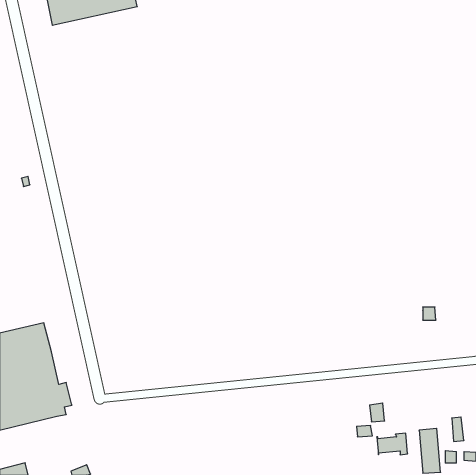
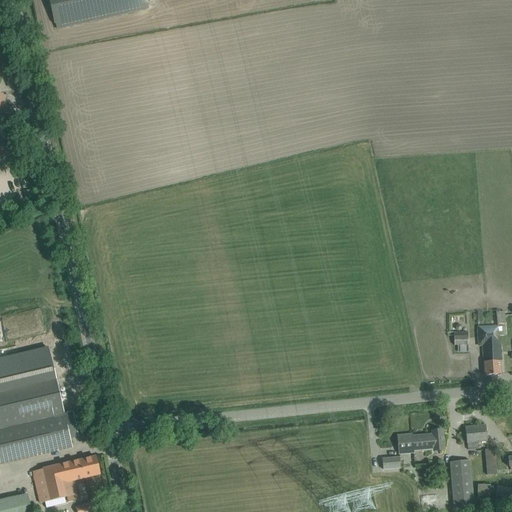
building: none -> [477,310,505,374]
building: none -> [464,423,486,448]
building: none -> [32,455,99,501]
building: [377,433,408,455] -> [410,428,443,451]

